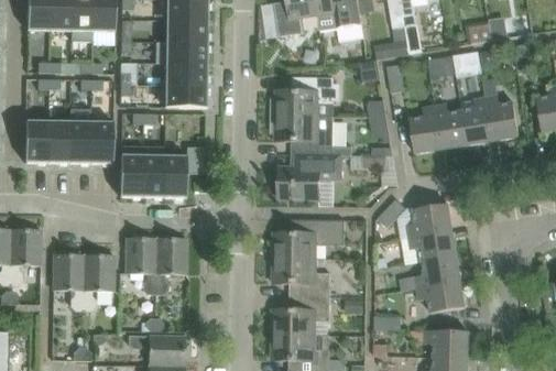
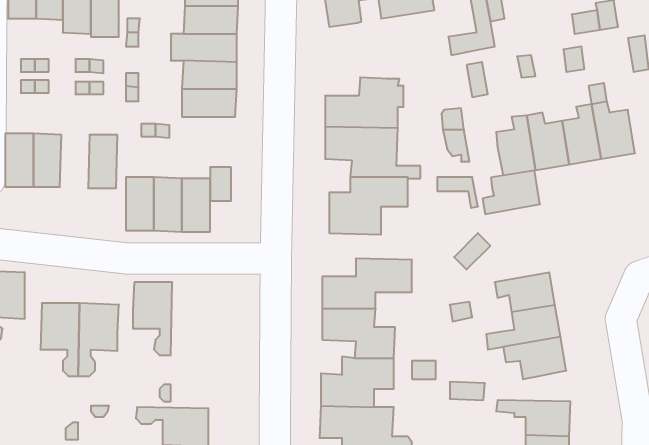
building: [67,121,90,163] -> none
building: [406,203,451,237] -> [483,171,540,214]
building: [154,237,185,294] -> none

